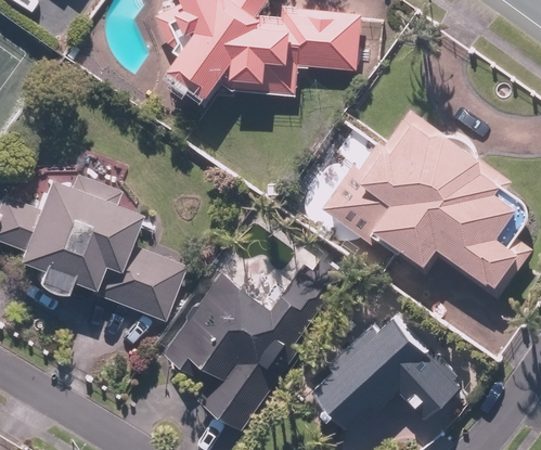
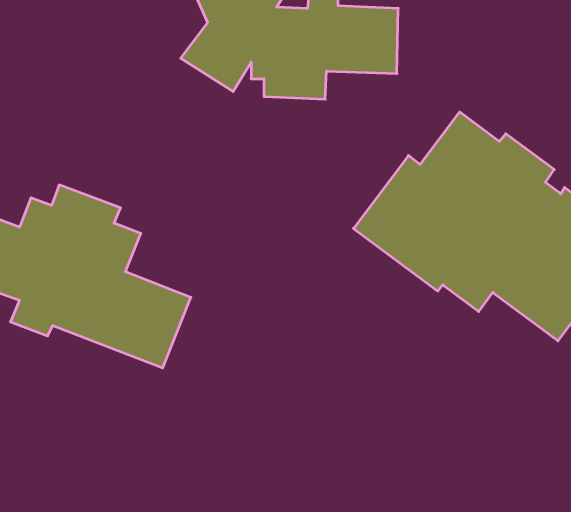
building: [164,252,350,430] -> none
building: [309,290,464,429] -> none

